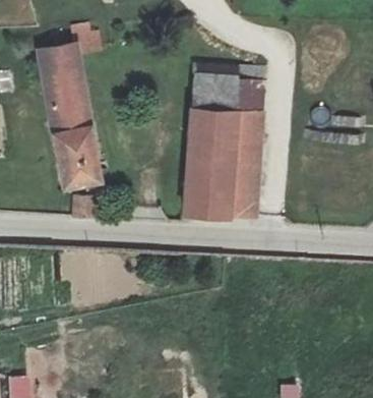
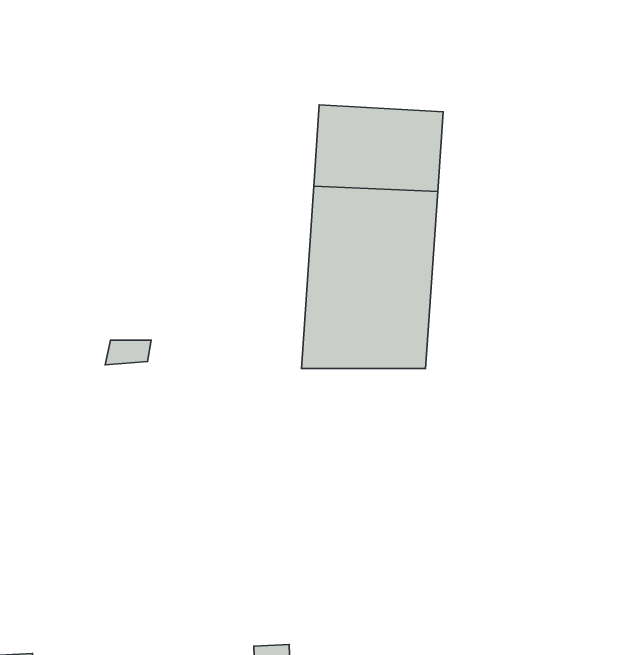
building: [43,45,105,188] -> none

